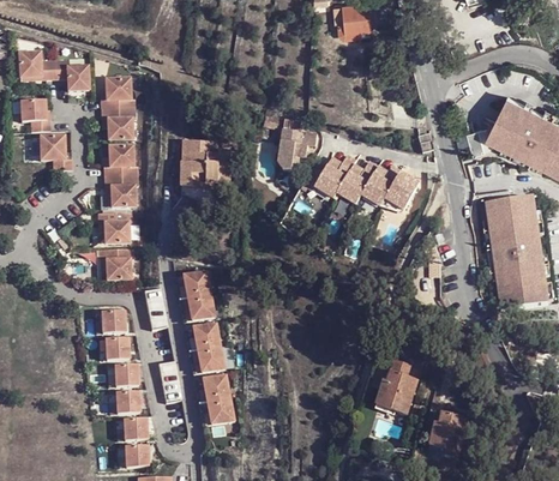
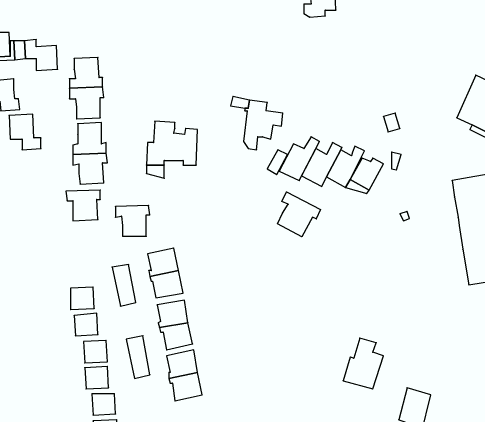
building: none -> [278,192,321,237]
building: [98,247,133,278] -> [115,205,150,236]

